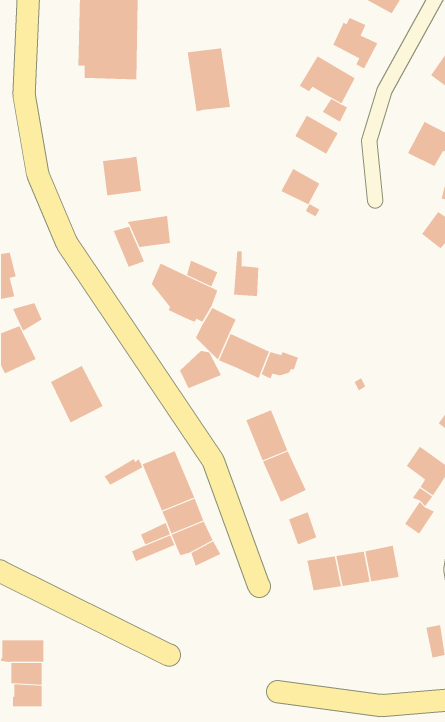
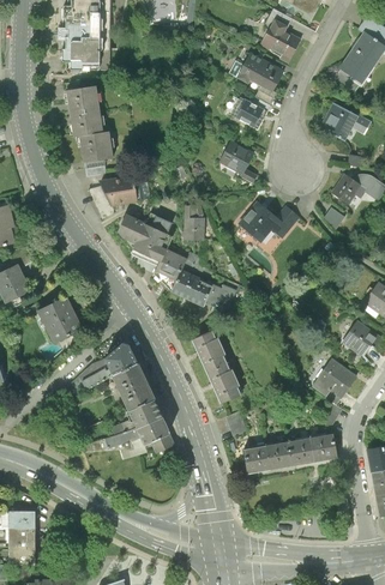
building: [187,48,231,112] -> [67,85,102,135]
building: none -> [235,199,296,240]
building: [179,351,222,389] -> [104,343,138,373]
building: none -> [309,433,338,462]

